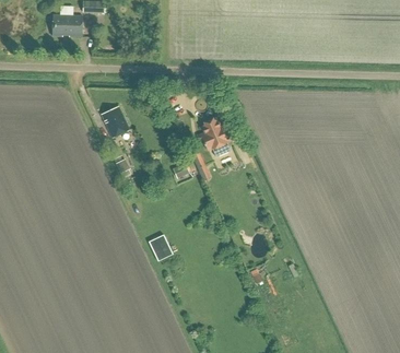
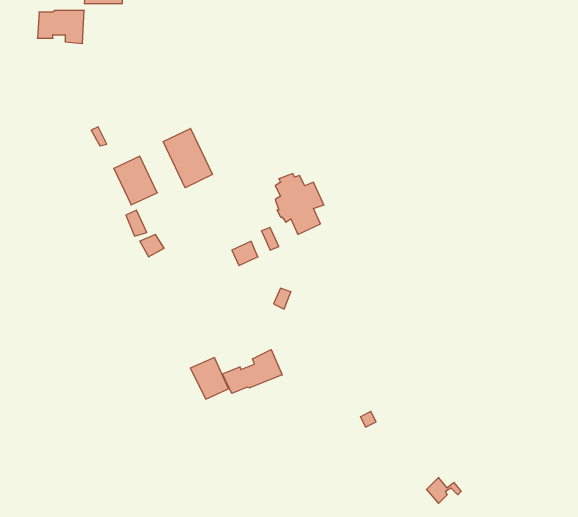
building: none -> [163,128,212,188]
building: none -> [223,350,282,393]

